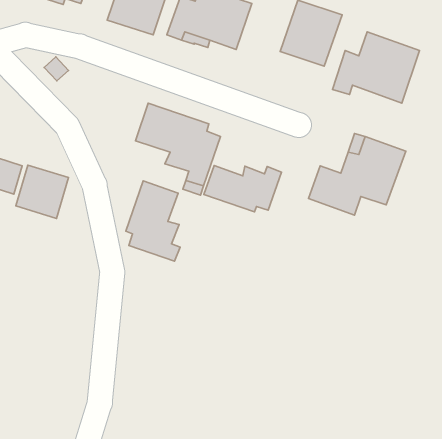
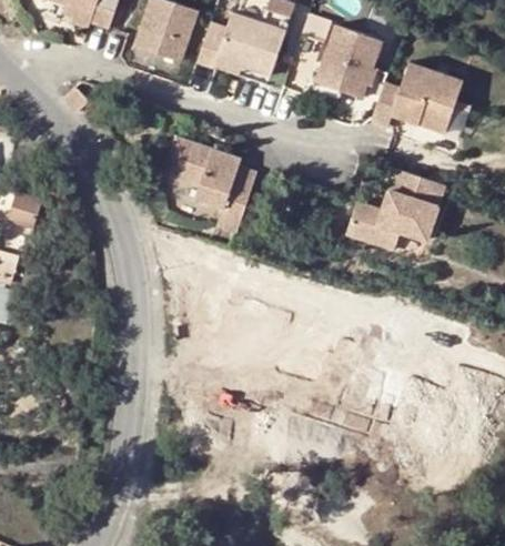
building: [16,165,69,218] -> none
building: [204,166,281,212] -> none
building: [126,181,180,261] -> none

